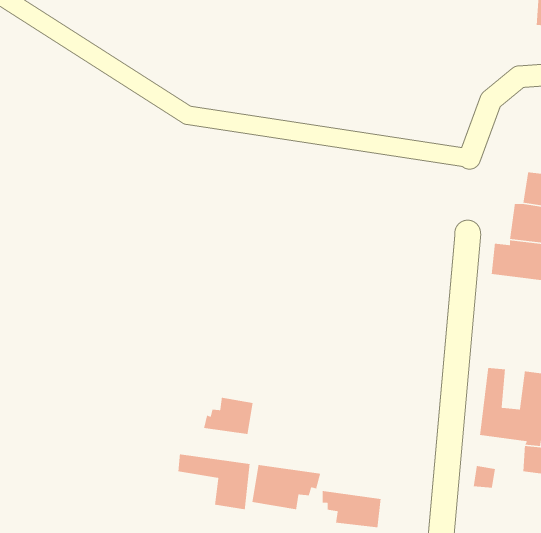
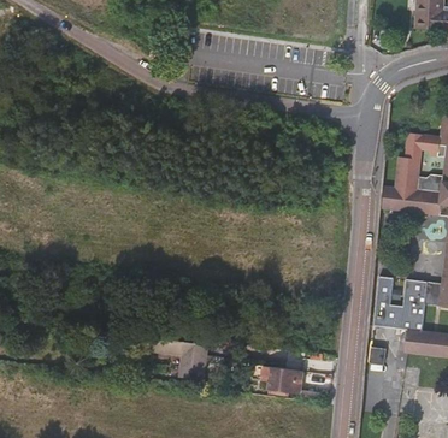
building: [203,397,253,435] -> none
building: [252,464,321,510] -> none

